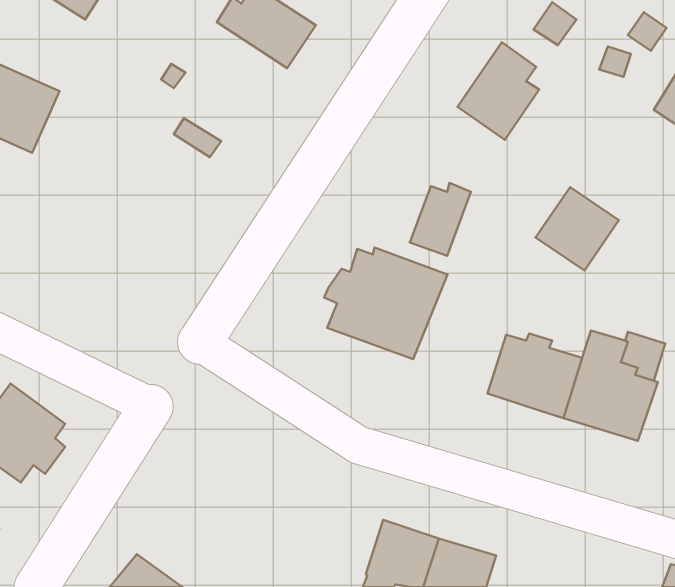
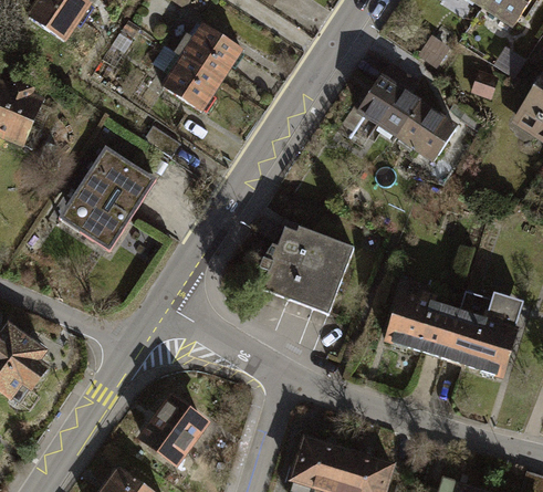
building: none -> [159,50,228,118]
building: none -> [70,155,156,249]
building: [410,183,471,256] -> none
building: [536,187,619,270] -> [396,102,460,166]
building: none -> [132,389,203,460]

